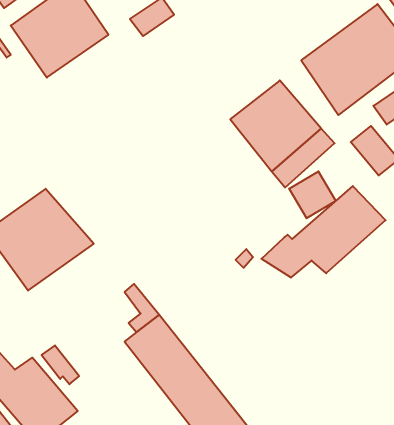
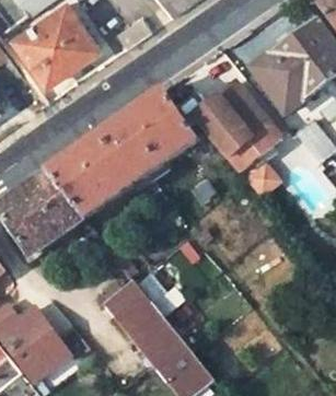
building: none -> [43,94,193,220]
building: [261,186,386,278] -> none

